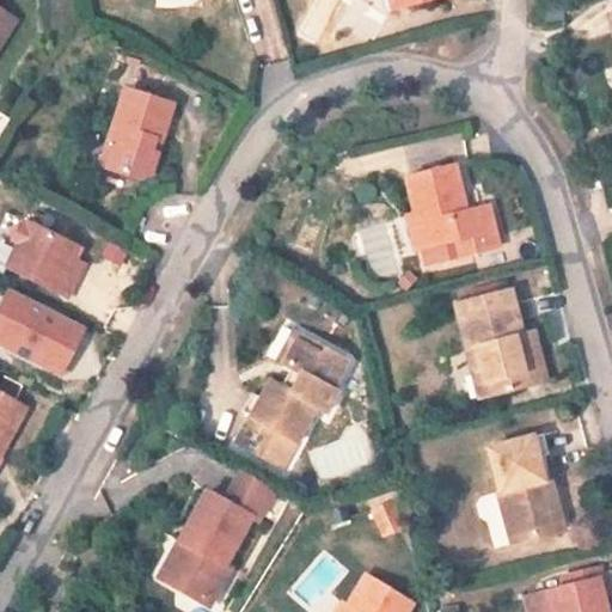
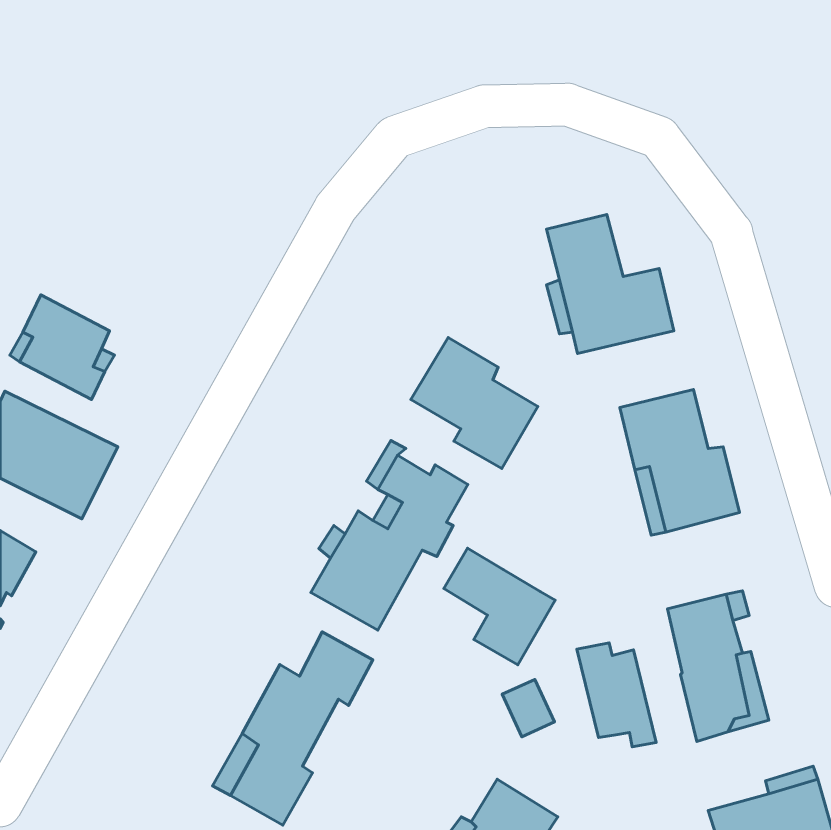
building: [108,90,172,180] -> none
building: none -> [411,338,538,468]
building: none -> [444,548,555,665]
building: none -> [577,643,656,747]

